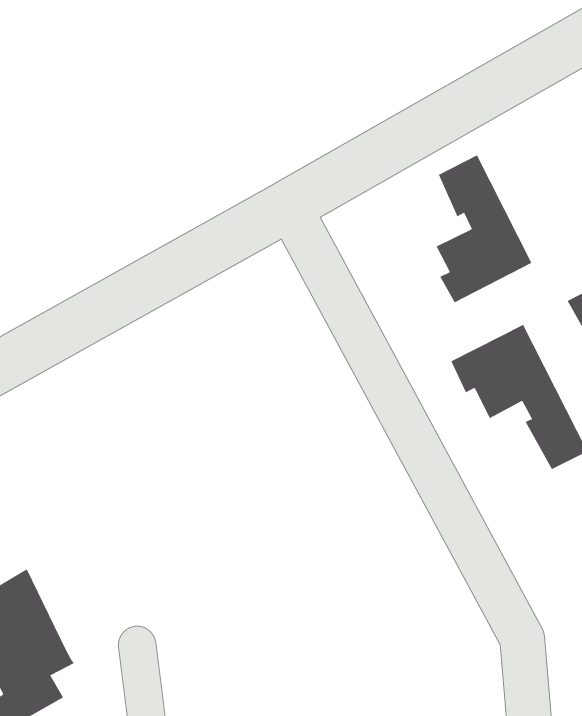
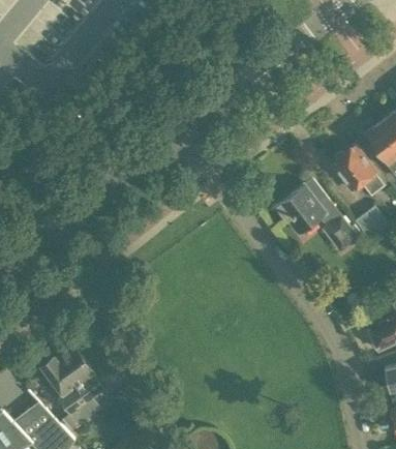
building: [436,154,532,303] -> none

